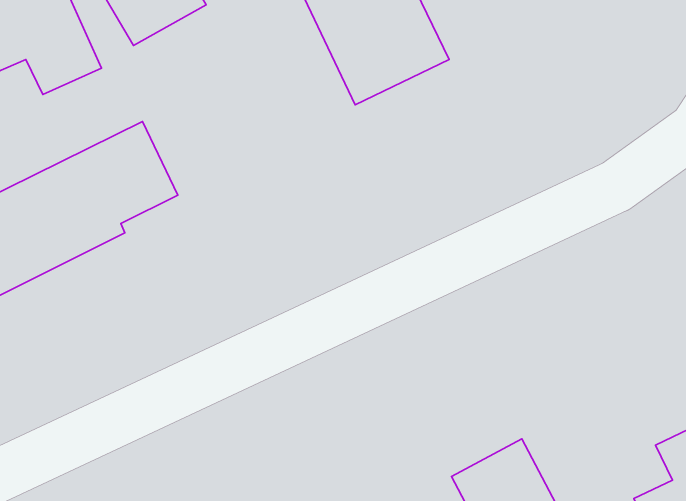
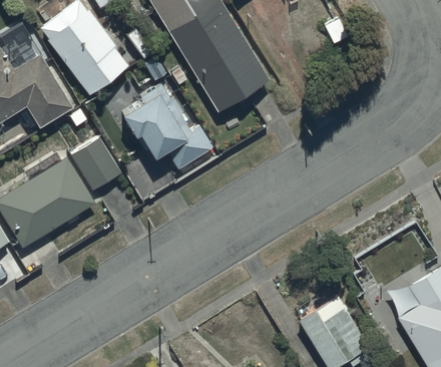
building: none -> [120,85,215,169]

